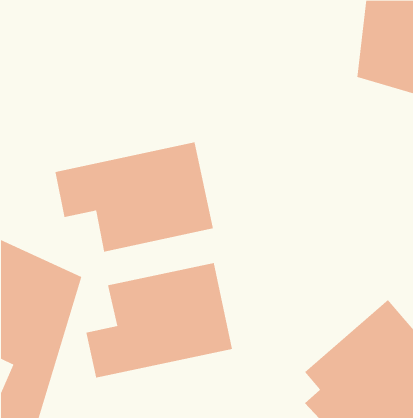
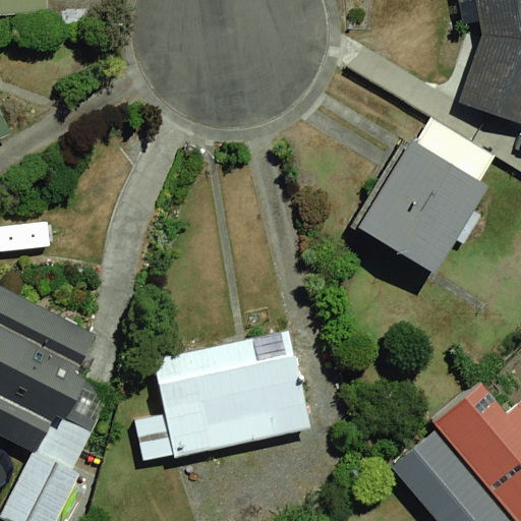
building: none -> [358,114,502,273]
building: [55,142,214,252] -> none

